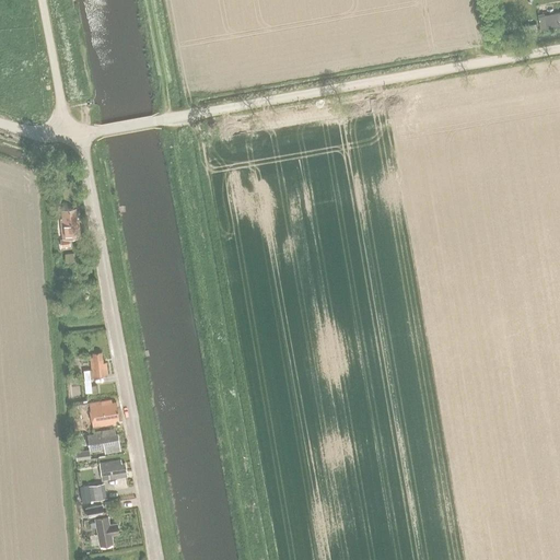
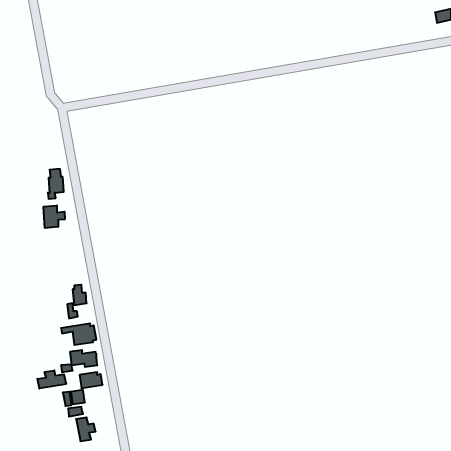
building: none -> [44,205,65,228]
building: none -> [37,370,66,389]

